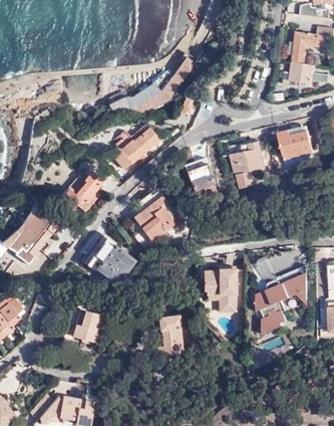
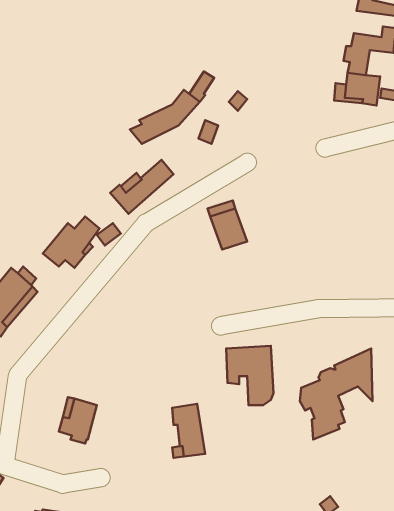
building: [276,126,312,159] -> none
building: [231,141,265,174] -> none
building: [140,197,175,242] -> none
building: [84,236,133,283] -> none

